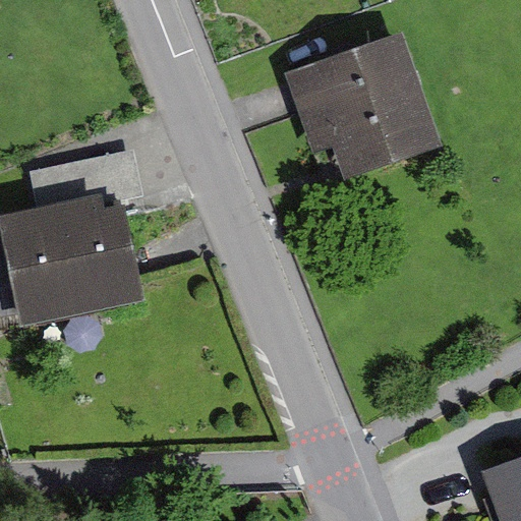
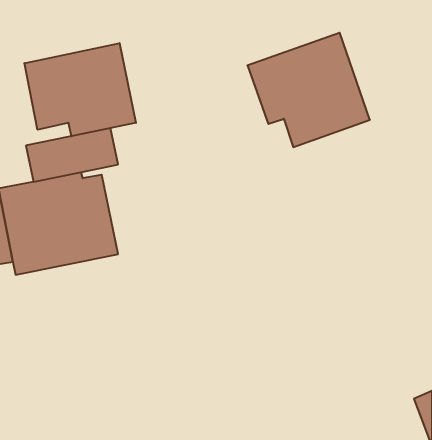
building: none -> [24,43,136,136]

